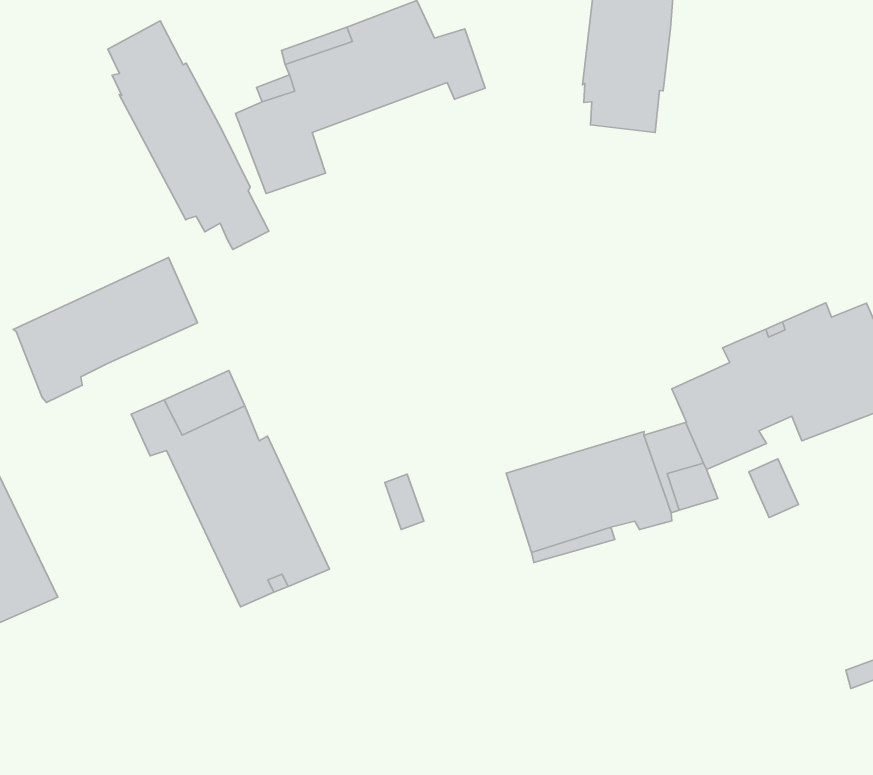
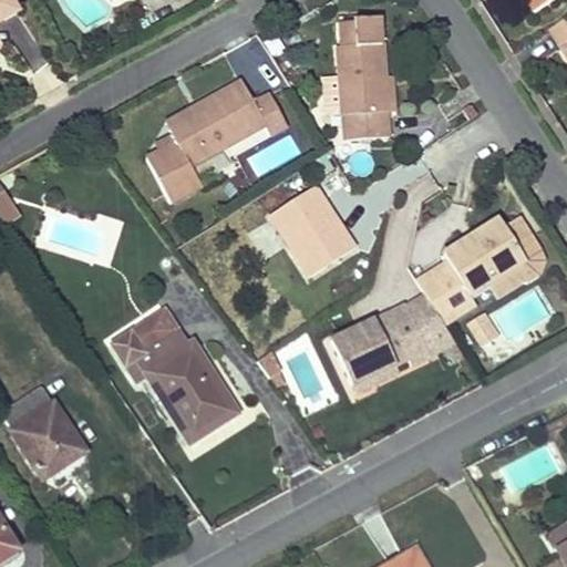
building: [108,21,269,249] -> none
building: none -> [270,183,355,274]
building: [13,257,197,403] -> none

